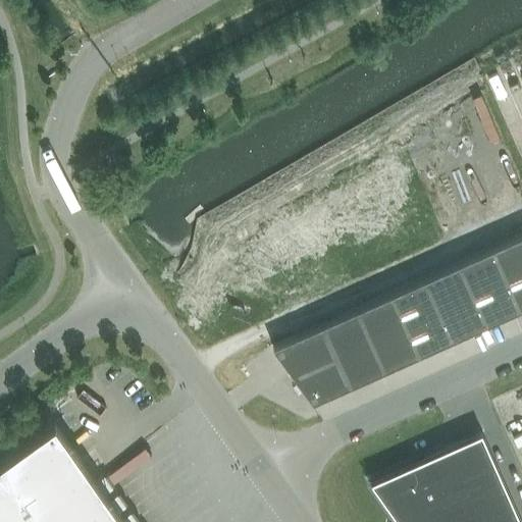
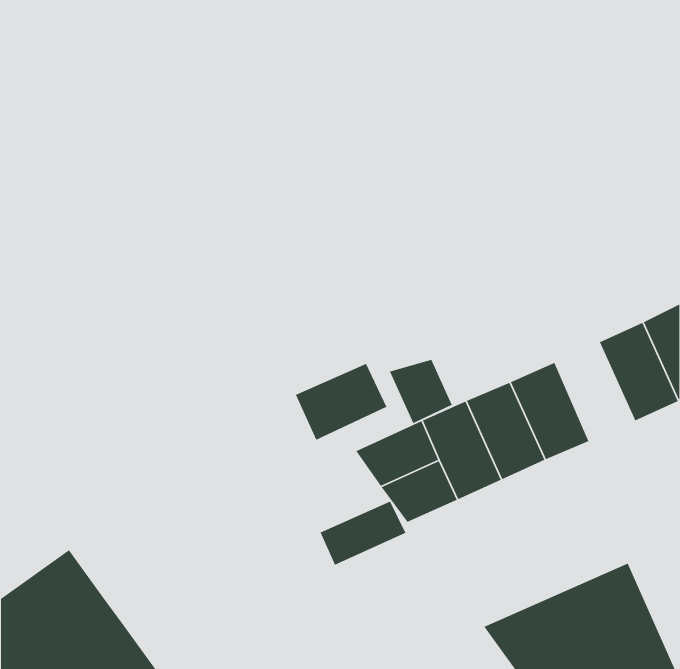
building: [425,270,486,347] -> none
building: none -> [389,359,453,424]
building: none -> [295,363,388,441]
building: none -> [319,500,407,566]

